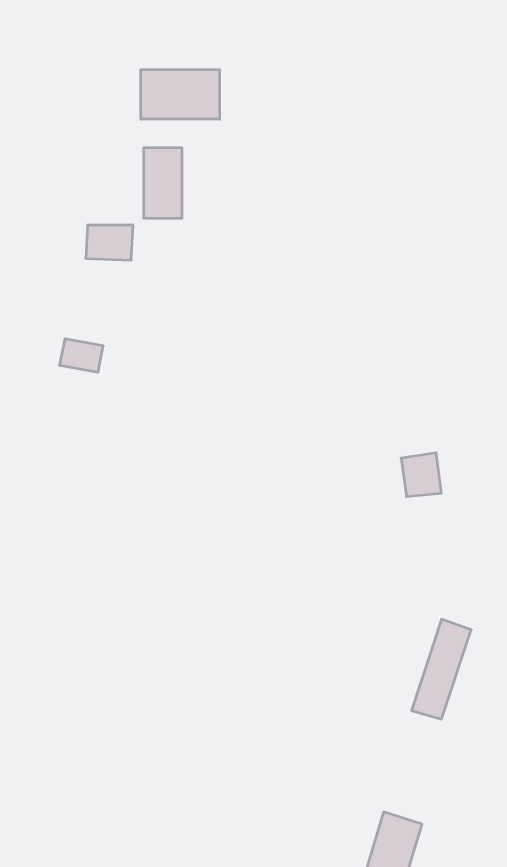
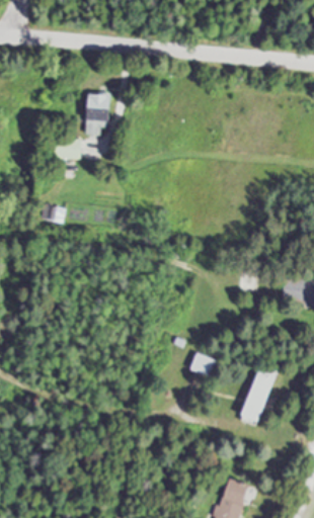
building: [141,70,220,119] -> none
building: none -> [190,353,215,376]

